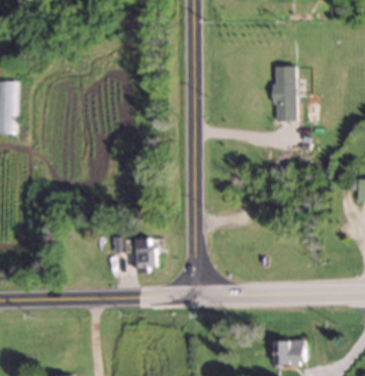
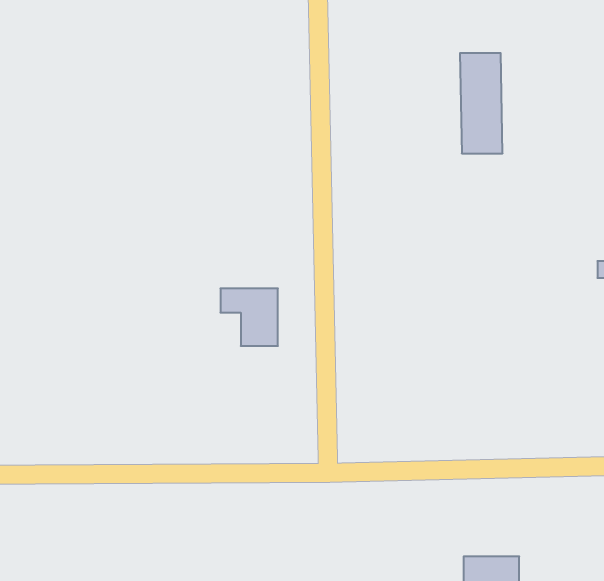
building: [126,240,158,271] -> [220,288,278,346]

